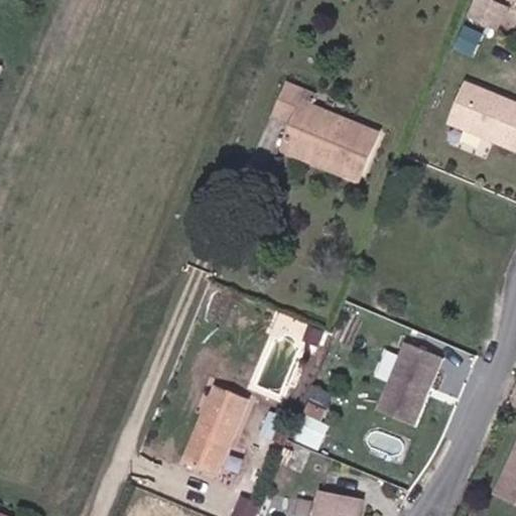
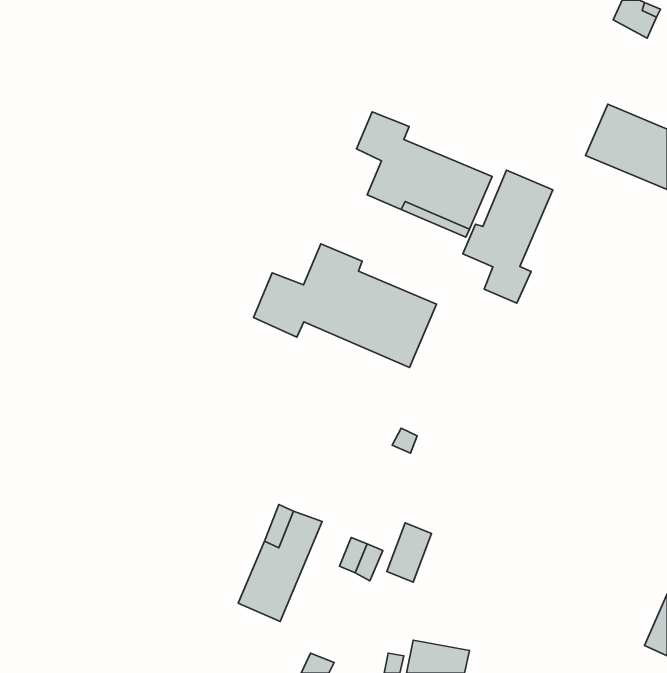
building: none -> [463,170,553,303]
building: none -> [253,244,436,367]
building: [377,344,442,427] -> none

